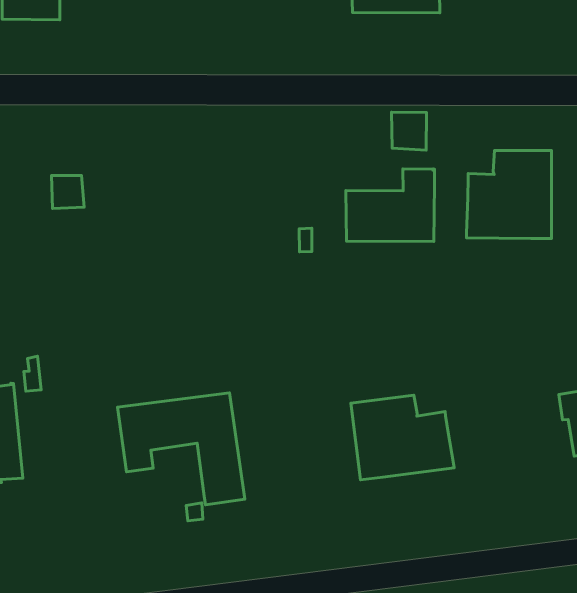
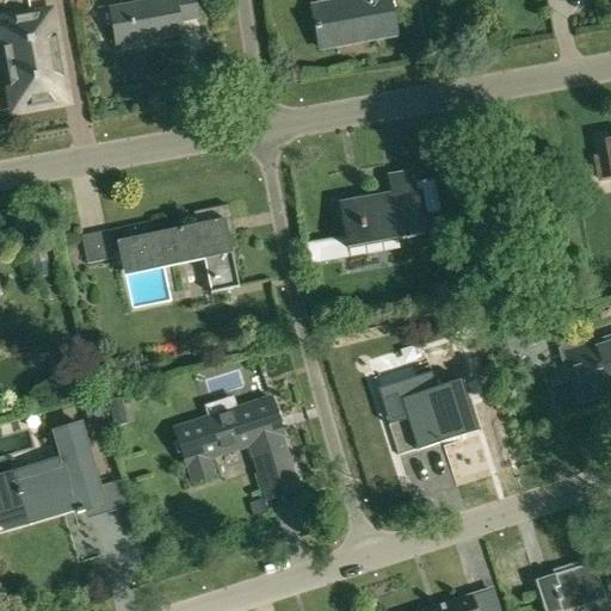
building: [392,112,427,150] -> none
building: [466,150,552,238] -> none
building: none -> [117,203,239,292]

